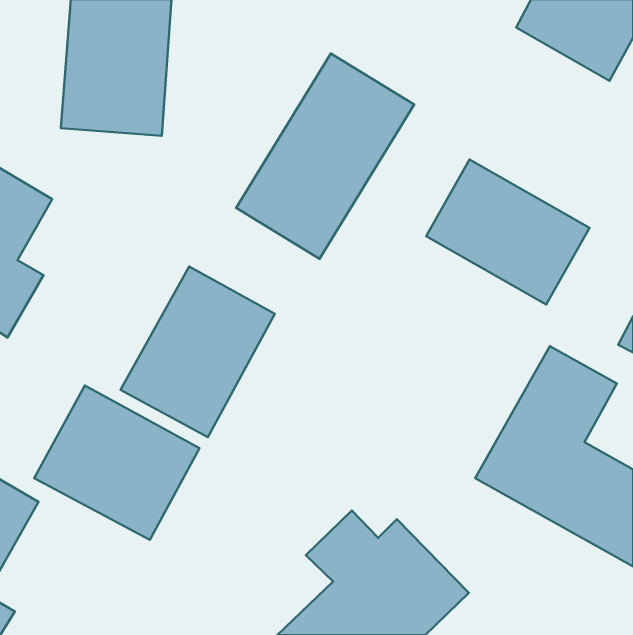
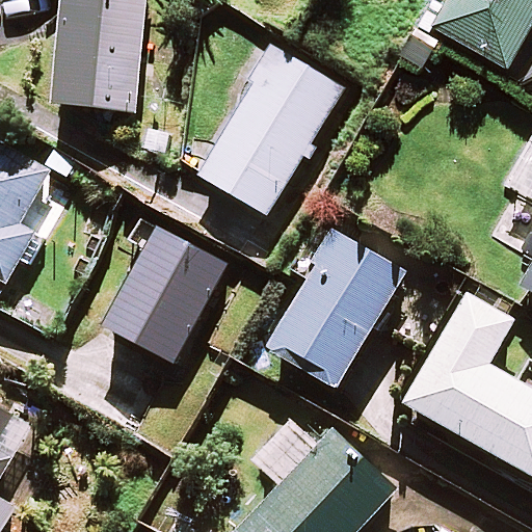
building: [426,160,590,304] -> none
building: none -> [265,233,404,389]
building: [34,385,199,540] -> none

